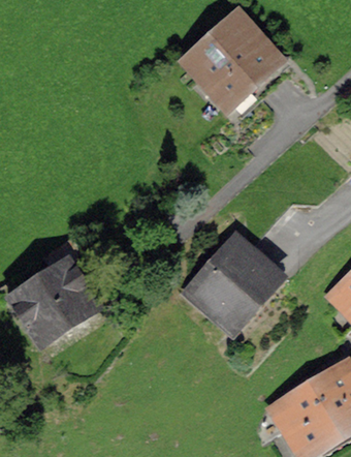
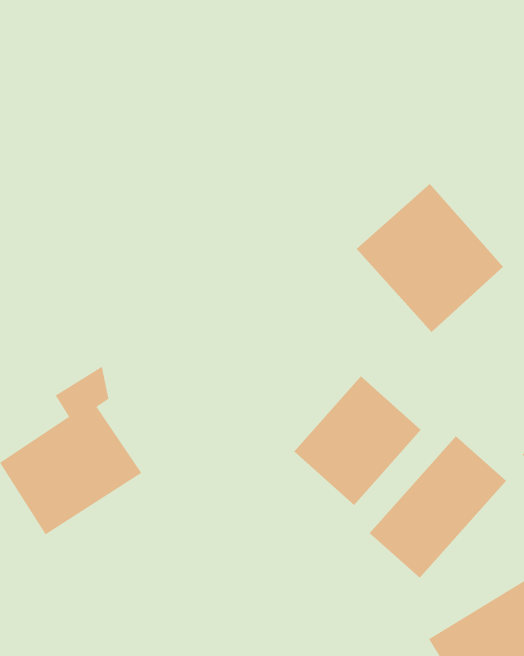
building: [190,19,283,113] -> [356,183,504,333]
building: none -> [369,435,507,579]

